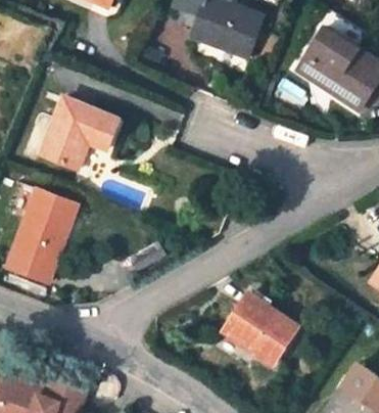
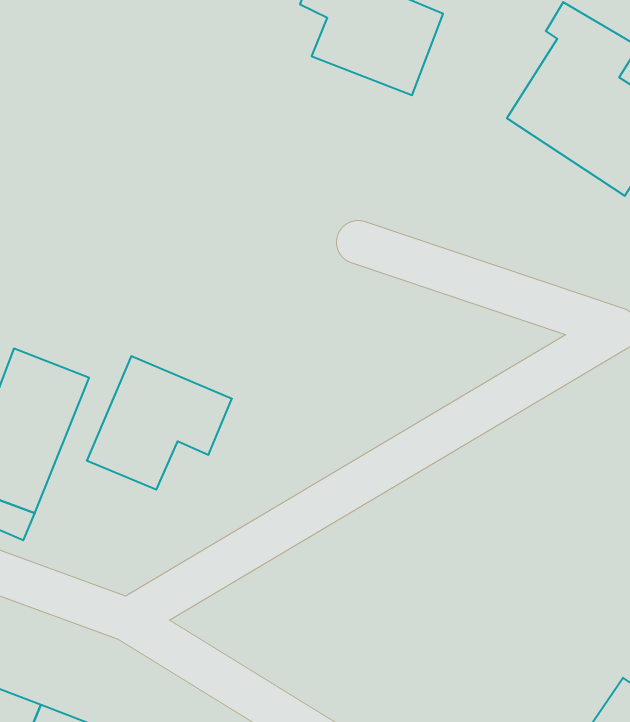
building: [40,98,116,169] -> [87,356,232,490]
building: [224,294,297,364] -> none

